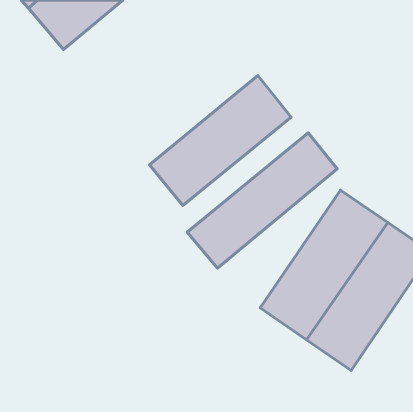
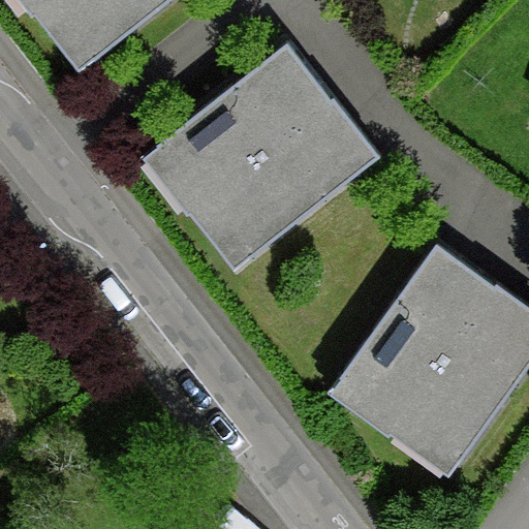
building: none -> [148,46,331,214]
building: [187,133,337,268] -> none

